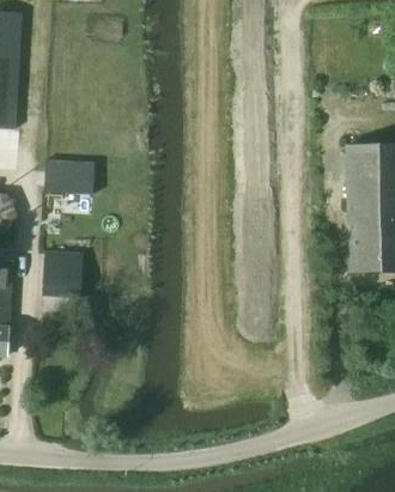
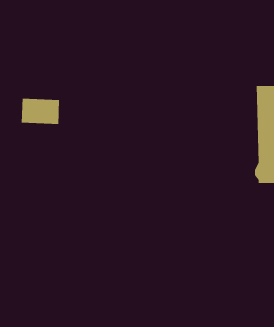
building: [44,251,83,297] -> none

